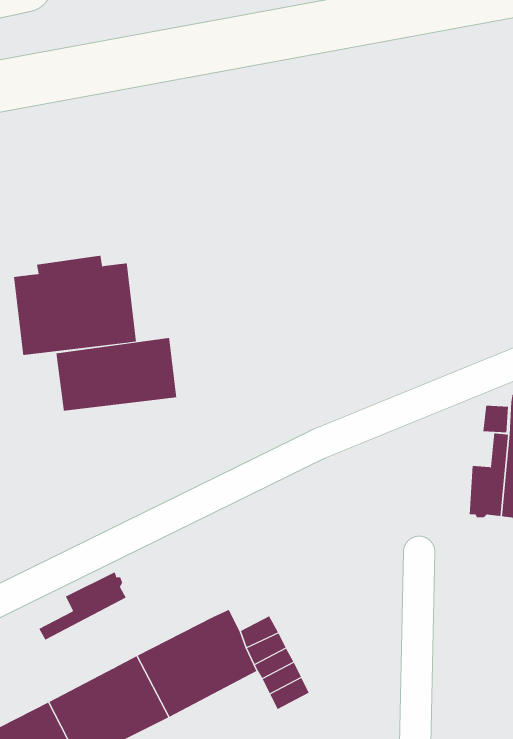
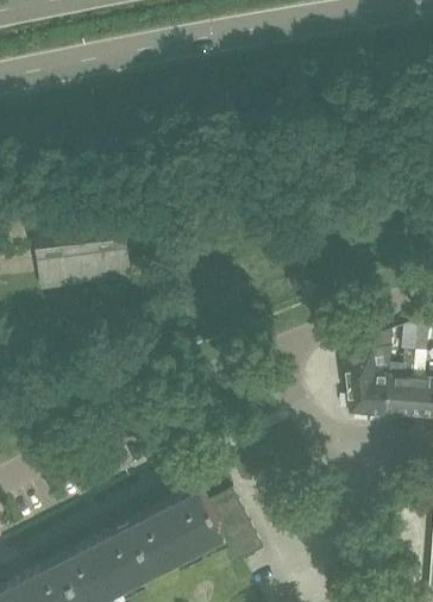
building: [56,337,177,412] -> none
building: none -> [346,333,395,418]
building: [39,572,127,641] -> none

